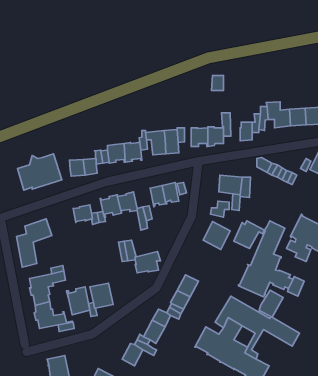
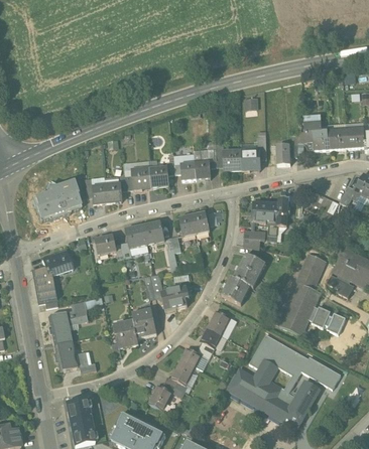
building: [234,221,264,249] -> [222,273,255,303]
building: [67,287,90,315] -> [131,307,156,337]
building: [259,290,283,317] -> [293,380,320,409]

